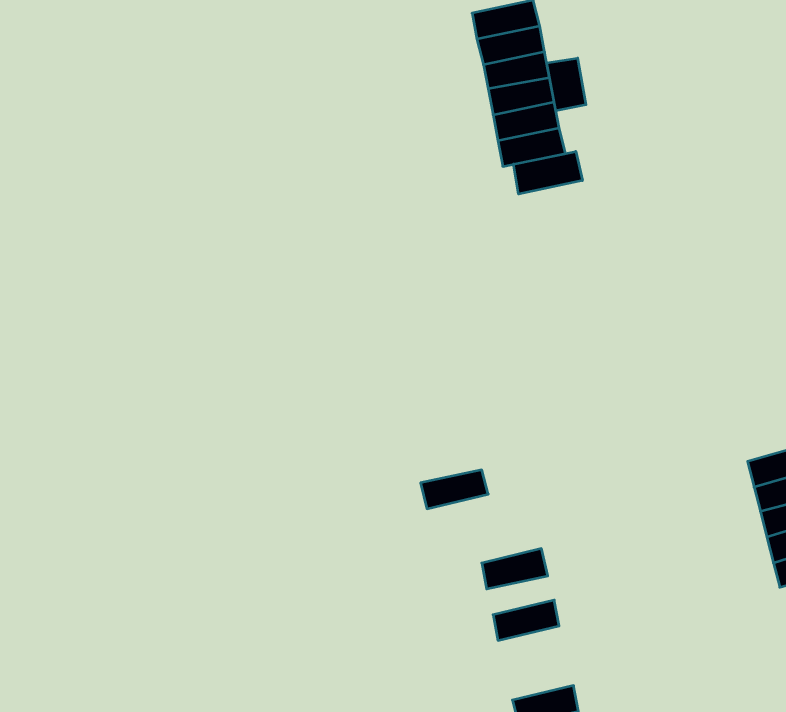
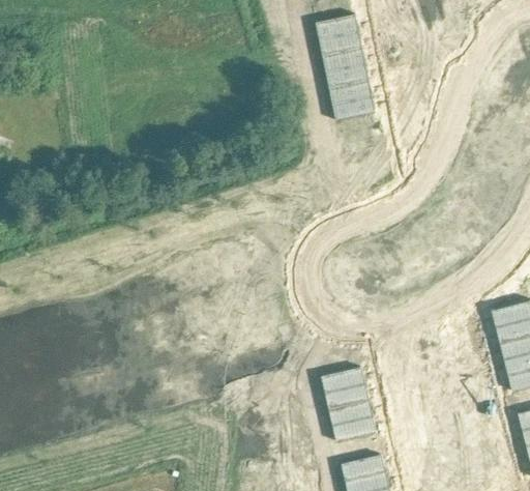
building: [547,58,586,111] -> none
building: [514,151,582,194] -> none
building: [421,470,488,509] -> [325,384,369,409]
building: none -> [332,416,376,442]

